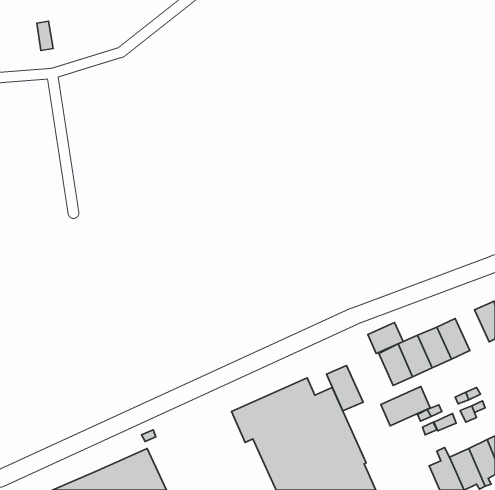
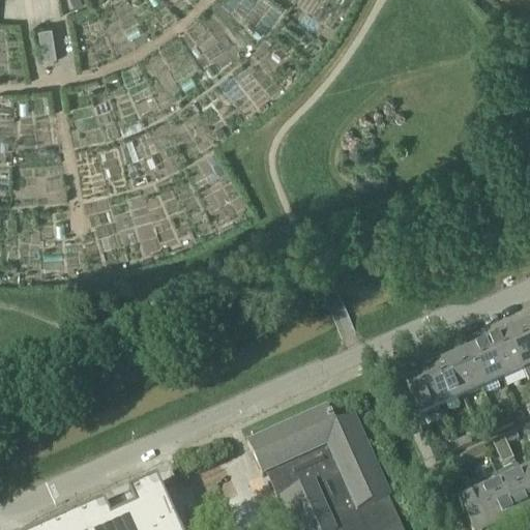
building: none -> [487,331,523,375]
building: [368,323,403,354] -> none
building: [326,366,363,411] -> none
building: [381,387,430,426] -> none

